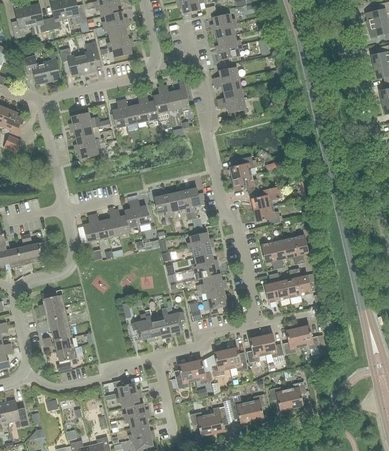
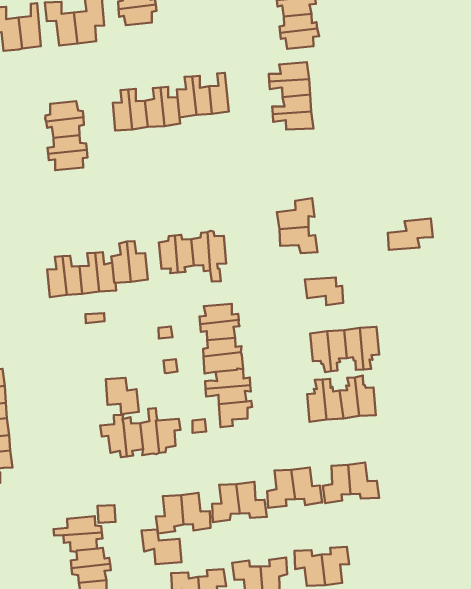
building: [251,186,281,210] -> [388,219,433,250]
building: none -> [106,378,139,414]
building: none -> [142,529,181,564]

